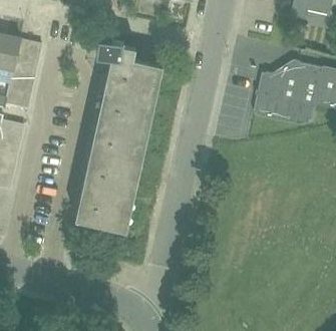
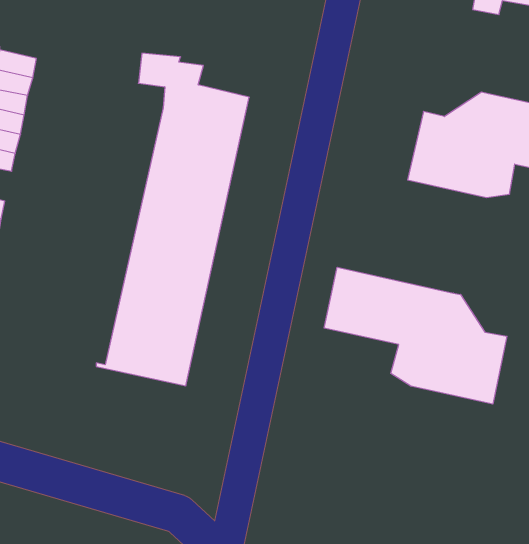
building: none -> [324,267,507,404]

